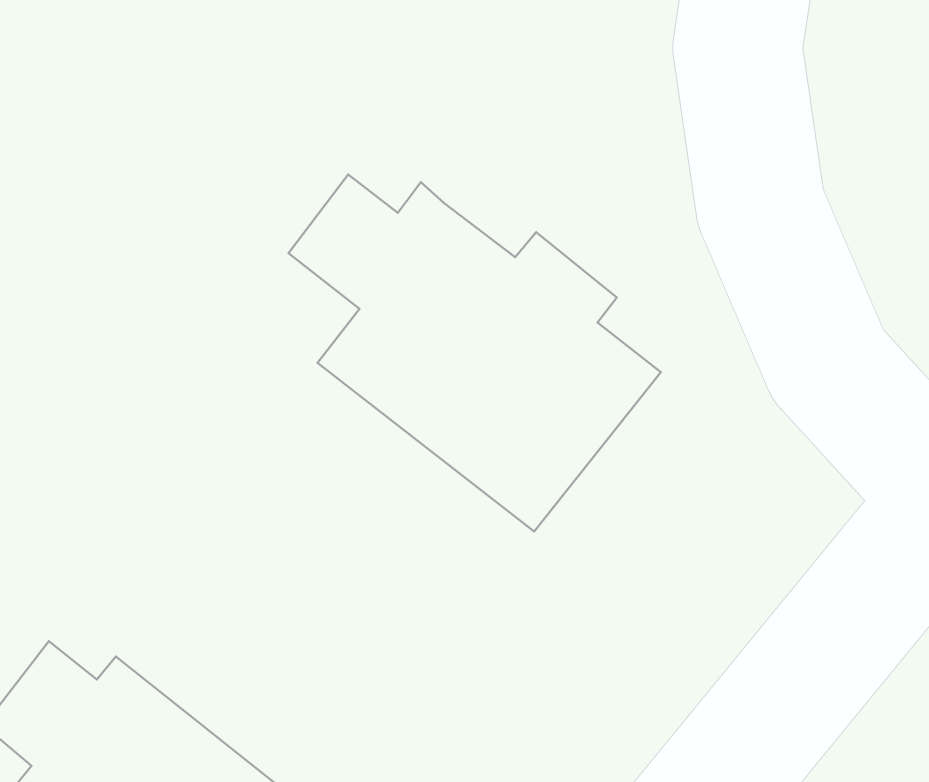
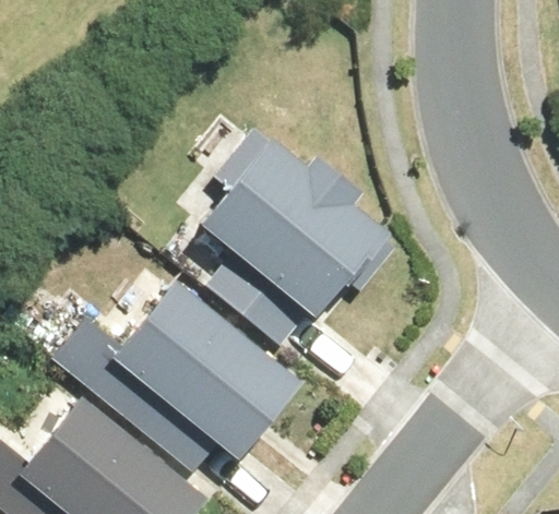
building: none -> [105,272,304,464]

